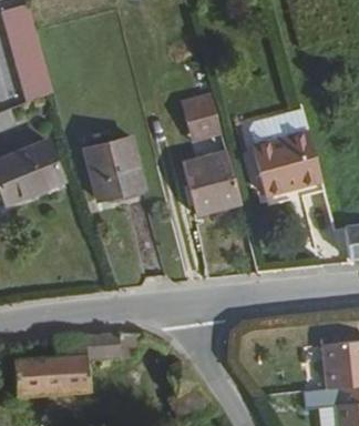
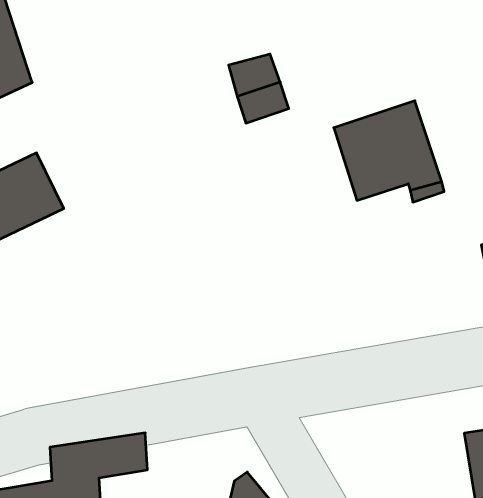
building: [82,126,143,189] -> none
building: [181,143,236,205] -> none

